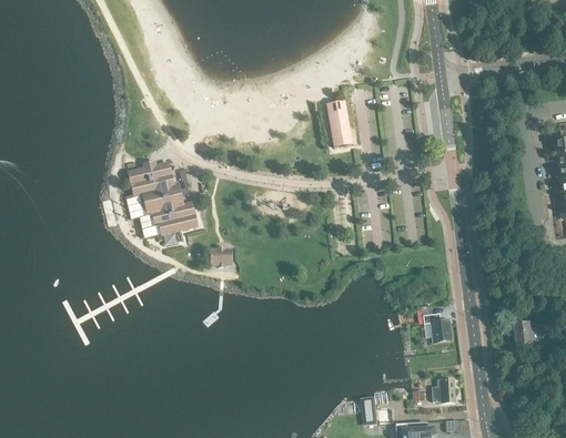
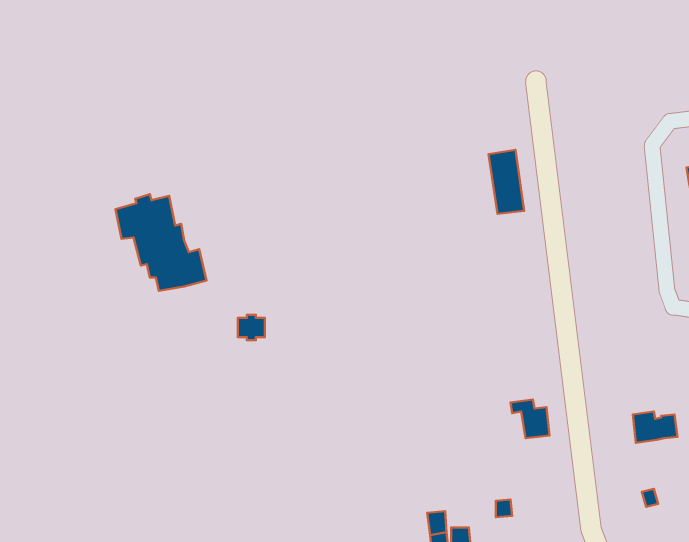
building: [326,99,353,146] -> [489,150,524,214]
building: [431,379,454,403] -> none

